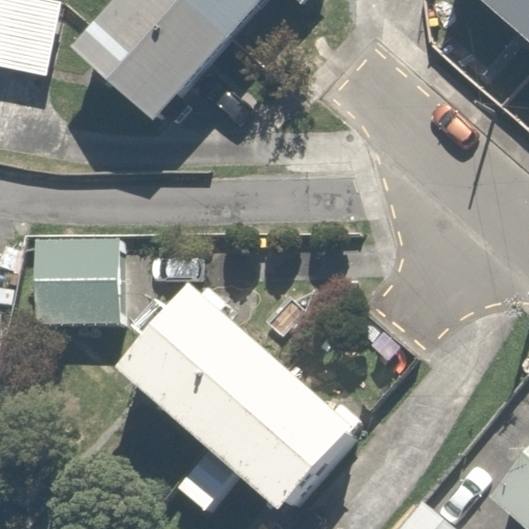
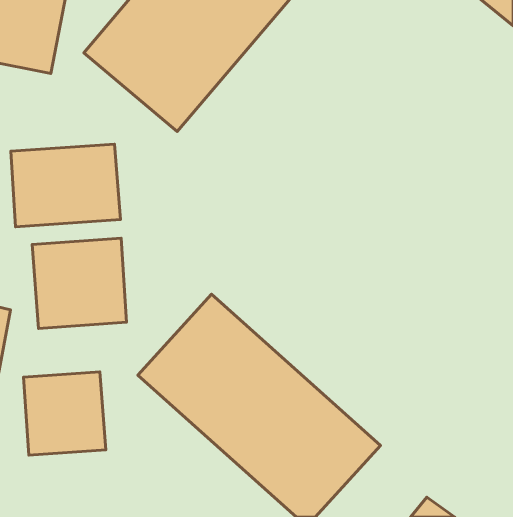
building: none -> [11,144,120,227]
building: none -> [24,372,106,455]

